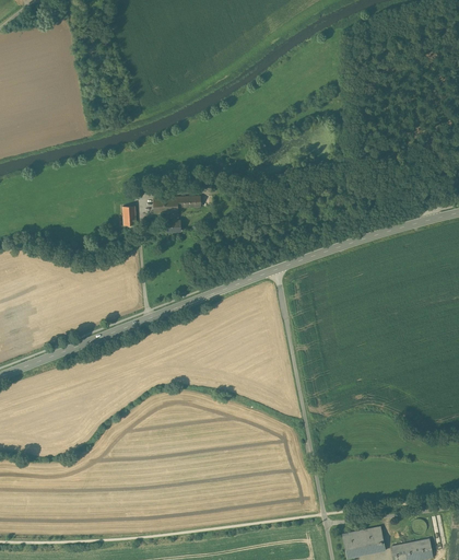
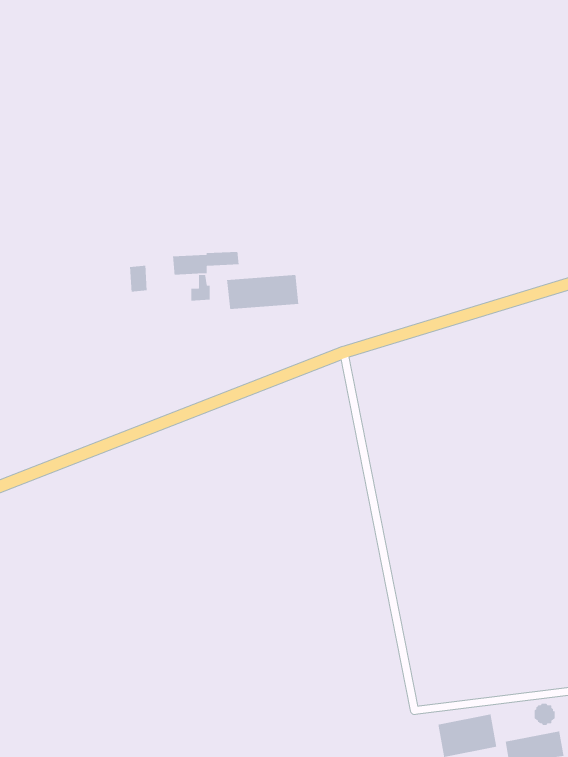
building: none -> [226,274,299,310]

